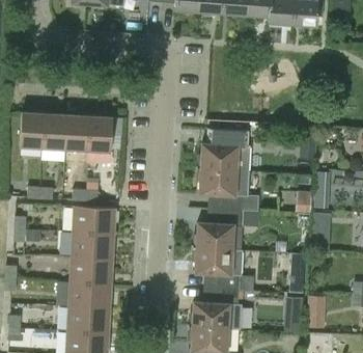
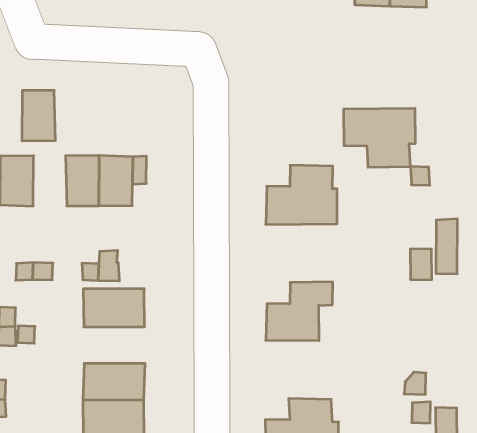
building: [43,113,66,148] -> [22,90,55,141]
building: [199,168,249,210] -> [344,108,415,167]
building: [72,232,114,259] -> none
building: [195,247,243,290] -> none

